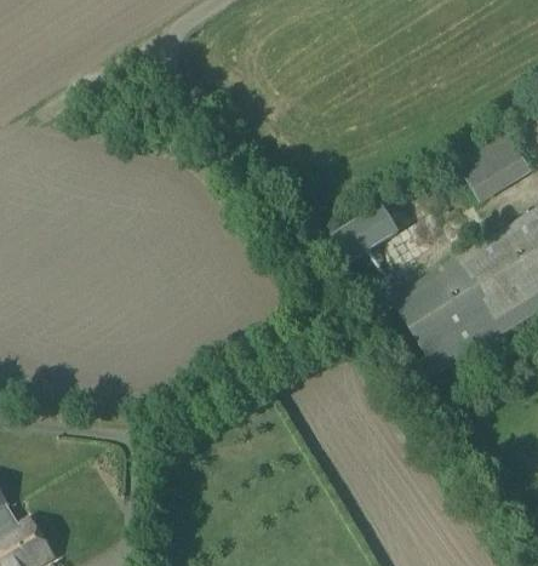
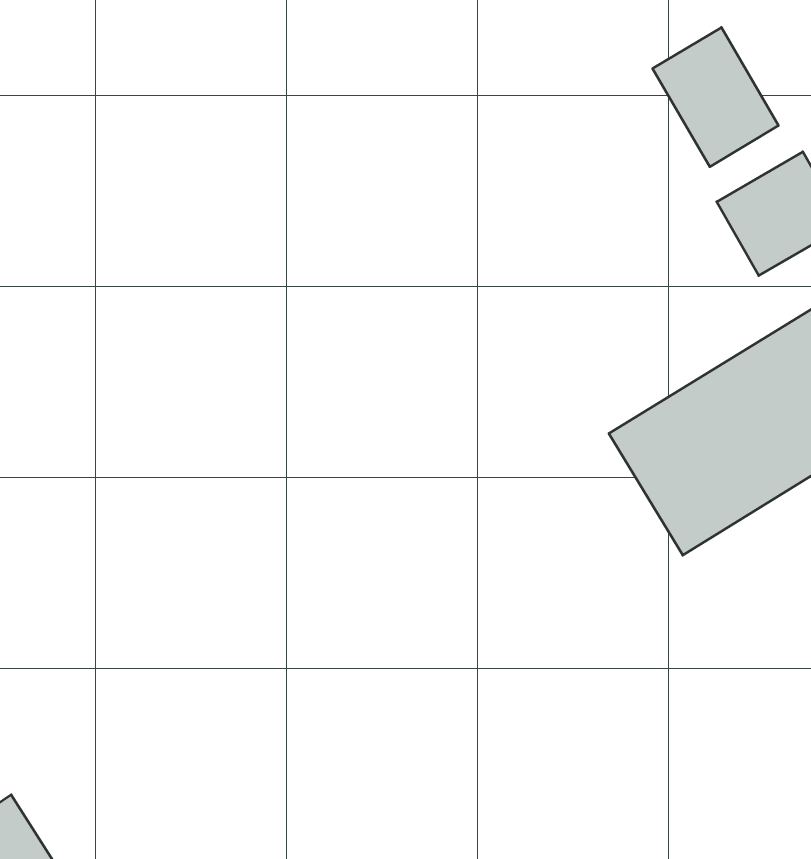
building: none -> [653,27,778,167]
building: [325,205,399,267] -> none

